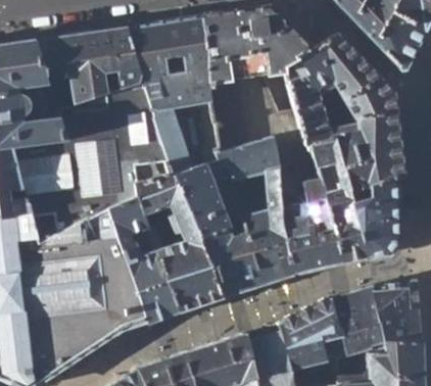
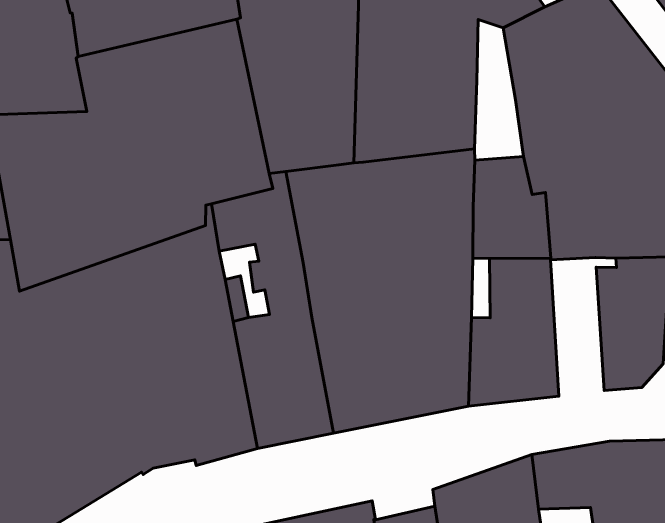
building: [274,61,307,139] -> none
building: [329,185,367,263] -> none

